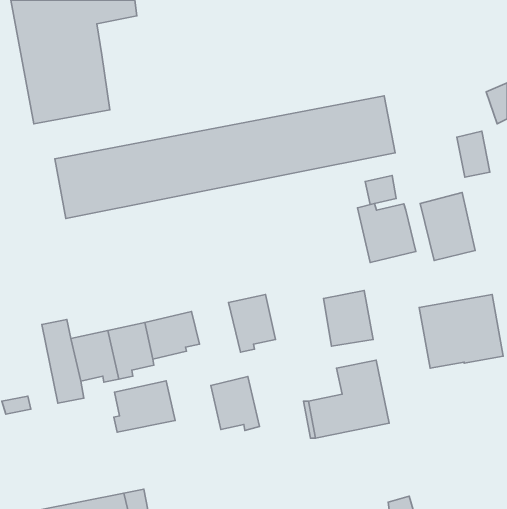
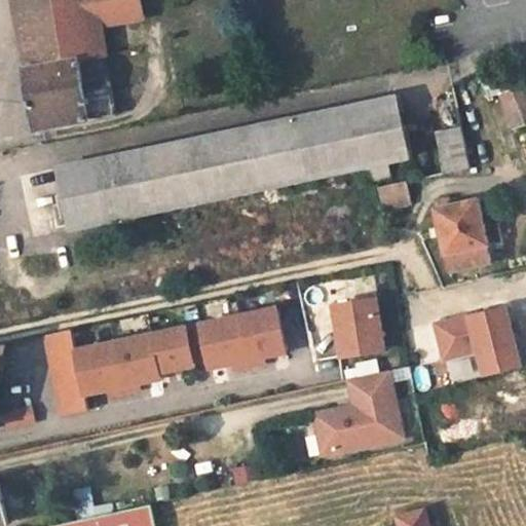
building: [457,131,490,177] -> [433,126,466,174]
building: [357,204,416,263] -> none
building: [211,377,260,430] -> [197,312,248,368]
building: [114,381,175,432] -> none

